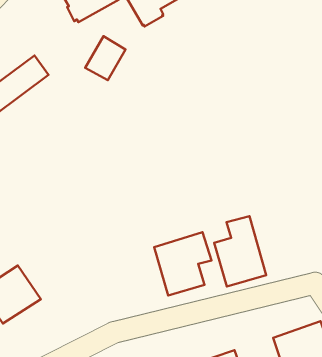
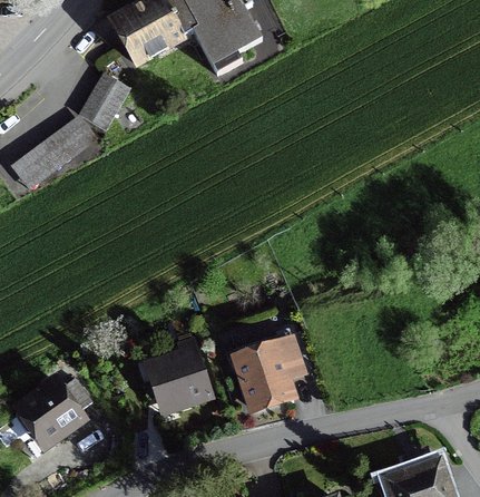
building: [85,36,126,80] -> [80,70,131,126]
building: [214,216,266,287] -> none
building: none -> [146,349,214,417]

